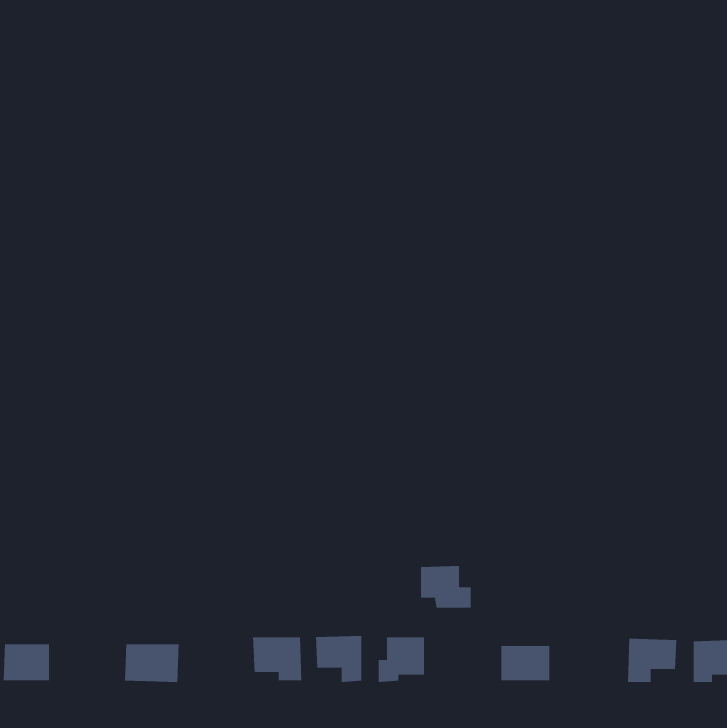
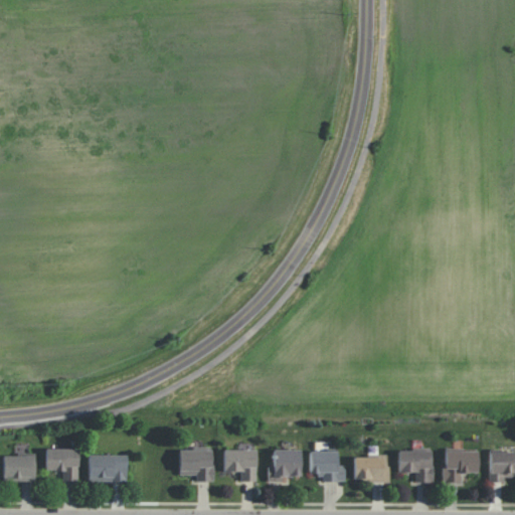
building: [420,565,471,608] -> [310,451,346,481]
building: none -> [46,449,79,481]
building: none -> [398,451,433,482]

